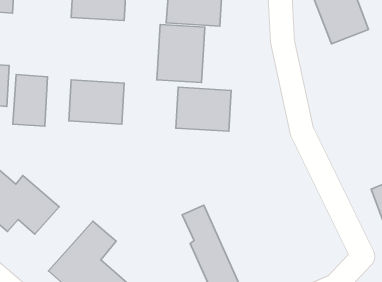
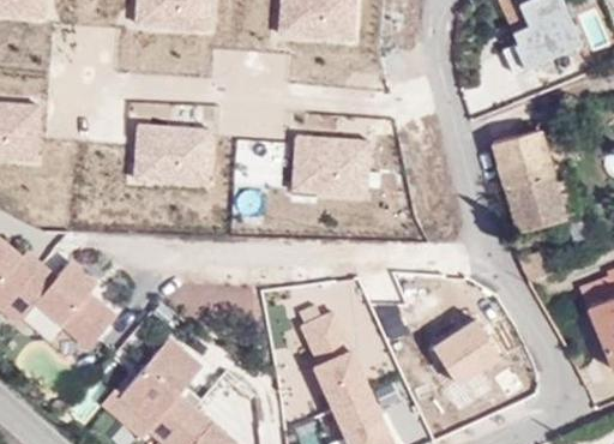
building: [157,25,205,83] -> none
building: [13,75,47,126] -> none
building: none -> [493,126,565,229]
building: none -> [431,317,501,386]

